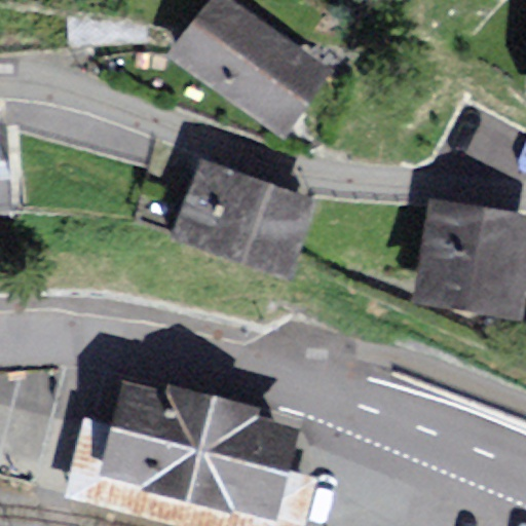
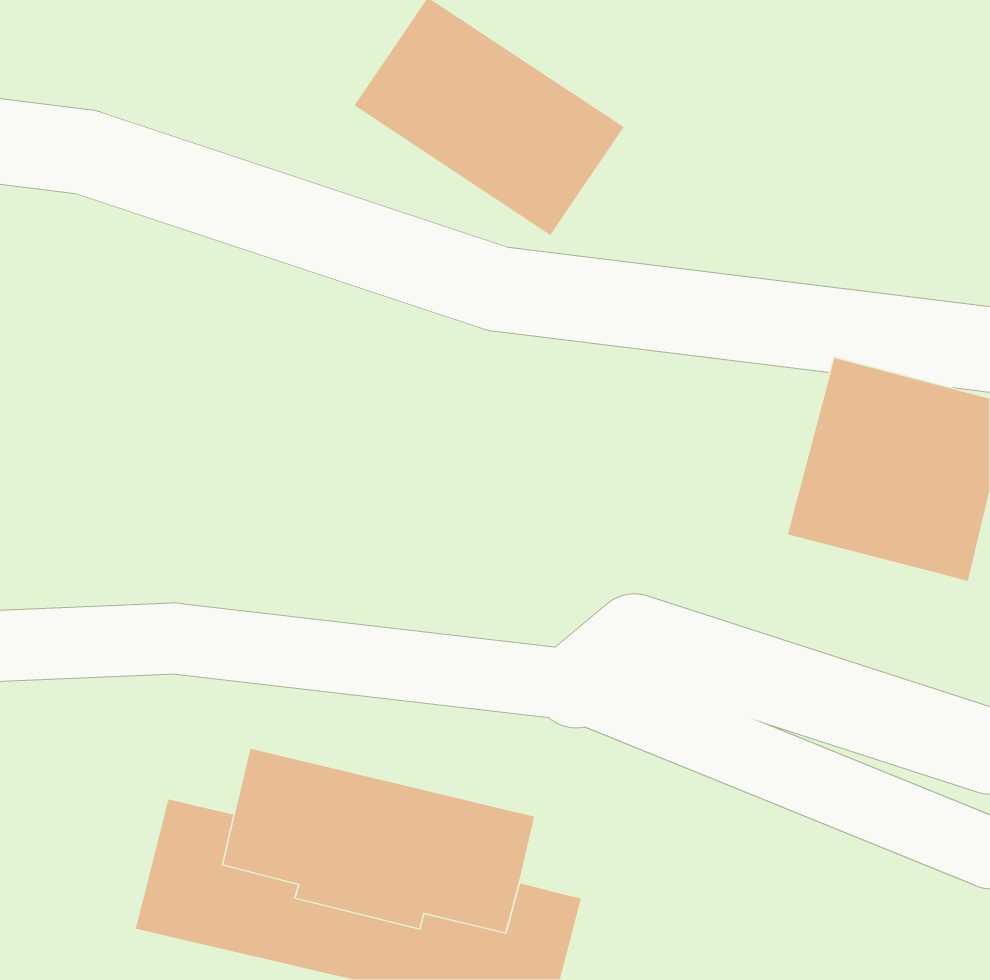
building: [172,158,307,276] -> none

